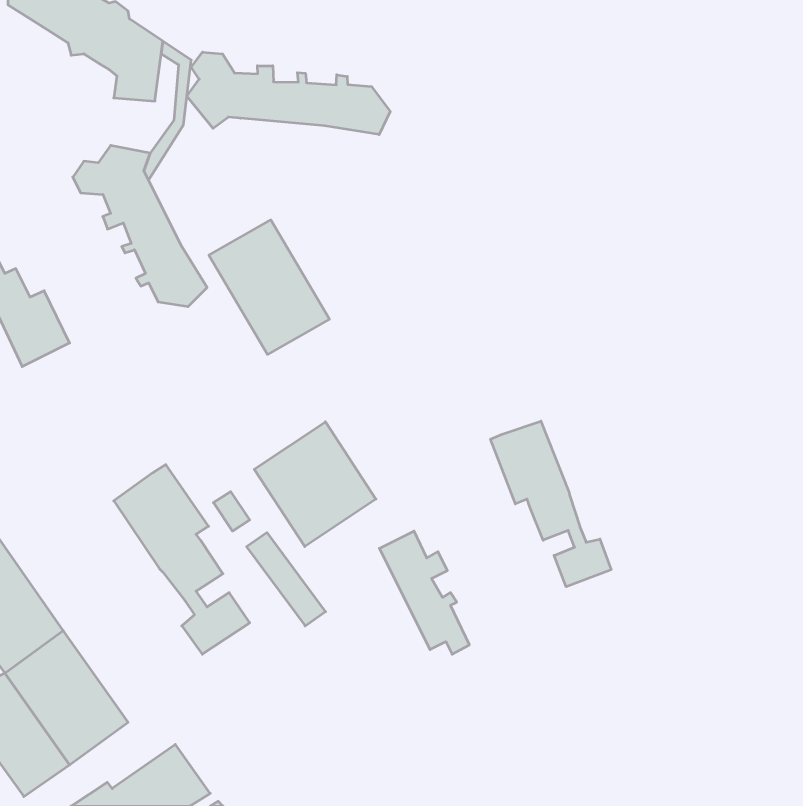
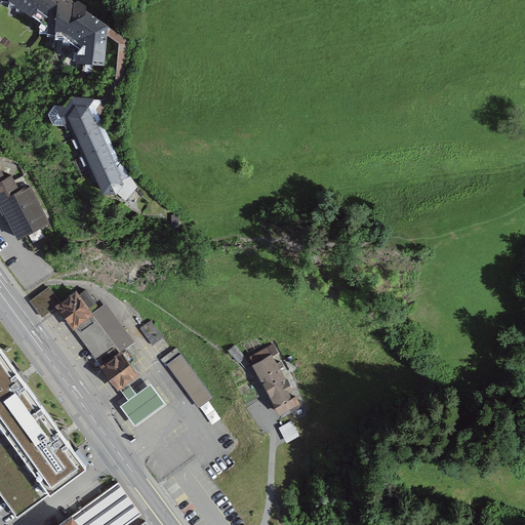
building: [187,52,390,135] -> none
building: [209,220,329,354] -> none
building: [491,421,611,587] -> none
building: [254,422,376,547] -> none
building: none -> [32,285,99,325]

